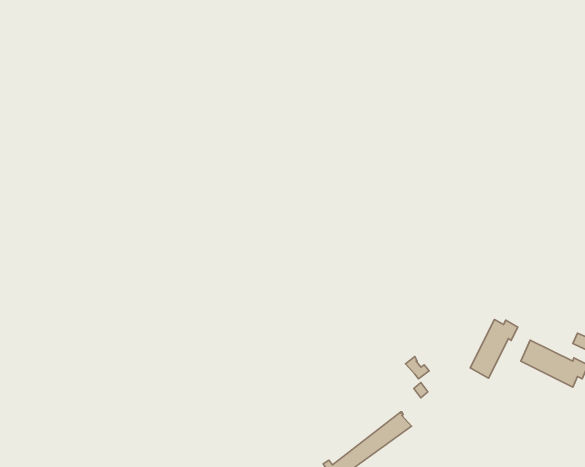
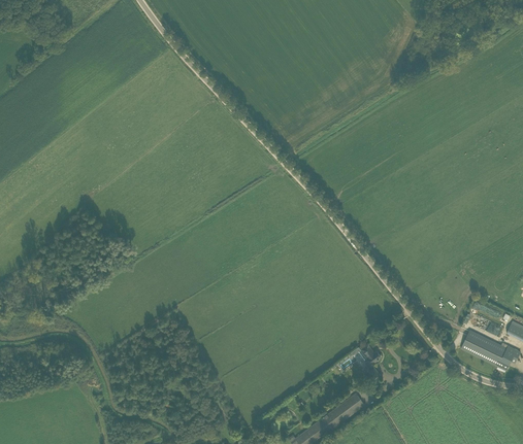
building: [470,319,518,378] -> none

